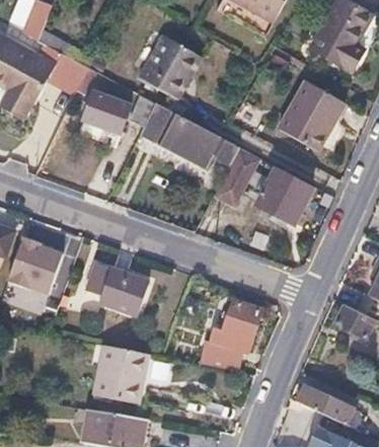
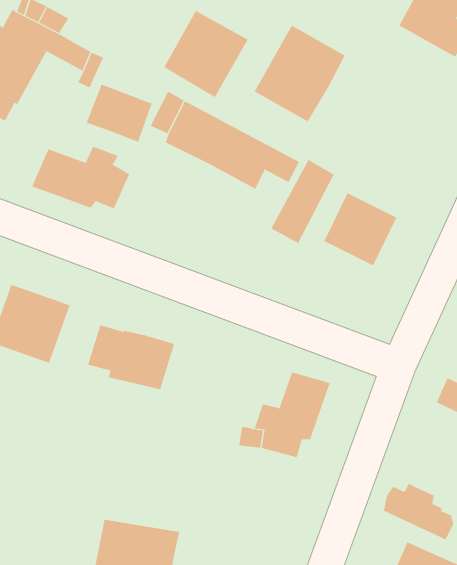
building: [278,80,345,151] -> [254,25,346,122]
building: none -> [32,146,130,209]
building: [96,347,152,405] -> none

